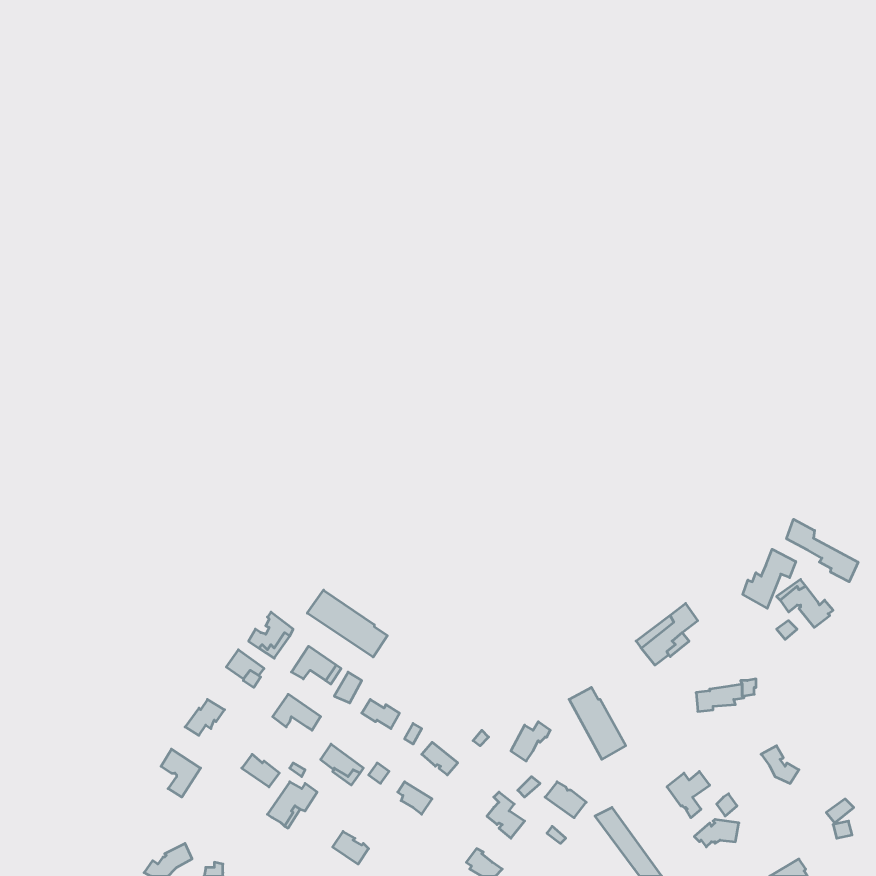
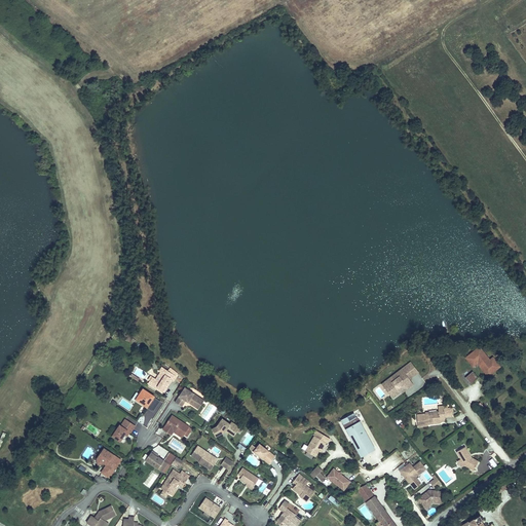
building: [787,519,858,582] -> none
building: [743,549,796,608] -> none
building: [307,590,387,657] -> none

